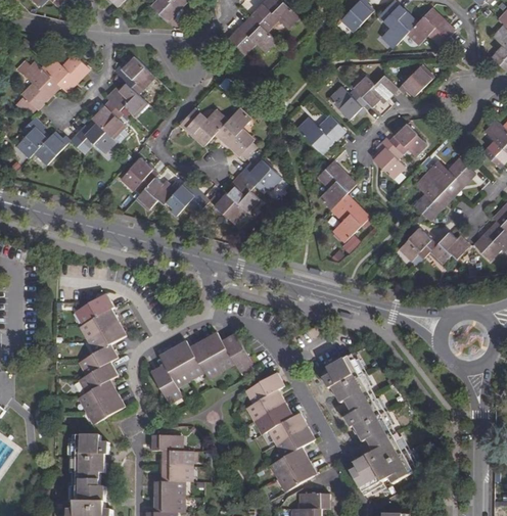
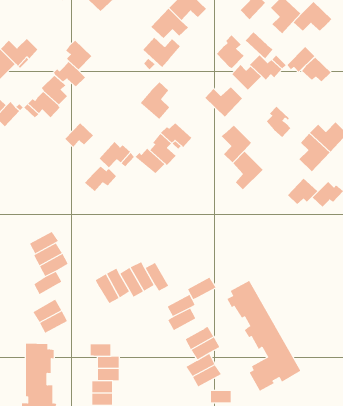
building: none -> [245,32,273,59]
building: none -> [216,34,245,69]
building: [180,106,228,145] -> [142,37,181,68]
building: [388,124,426,155] -> [301,57,331,82]
building: [134,178,175,210] -> [84,166,117,192]
building: [81,362,118,391] -> none
building: [150,365,180,402] -> none
building: [257,404,293,432] -> [187,277,217,300]

